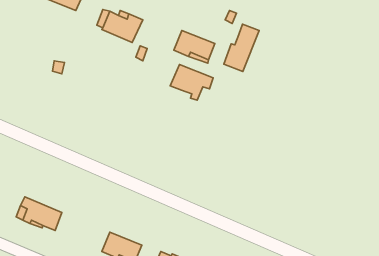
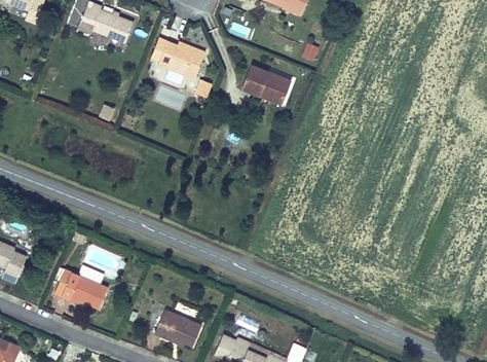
building: [224,24,259,72] -> none
building: [170,65,213,100] -> none

